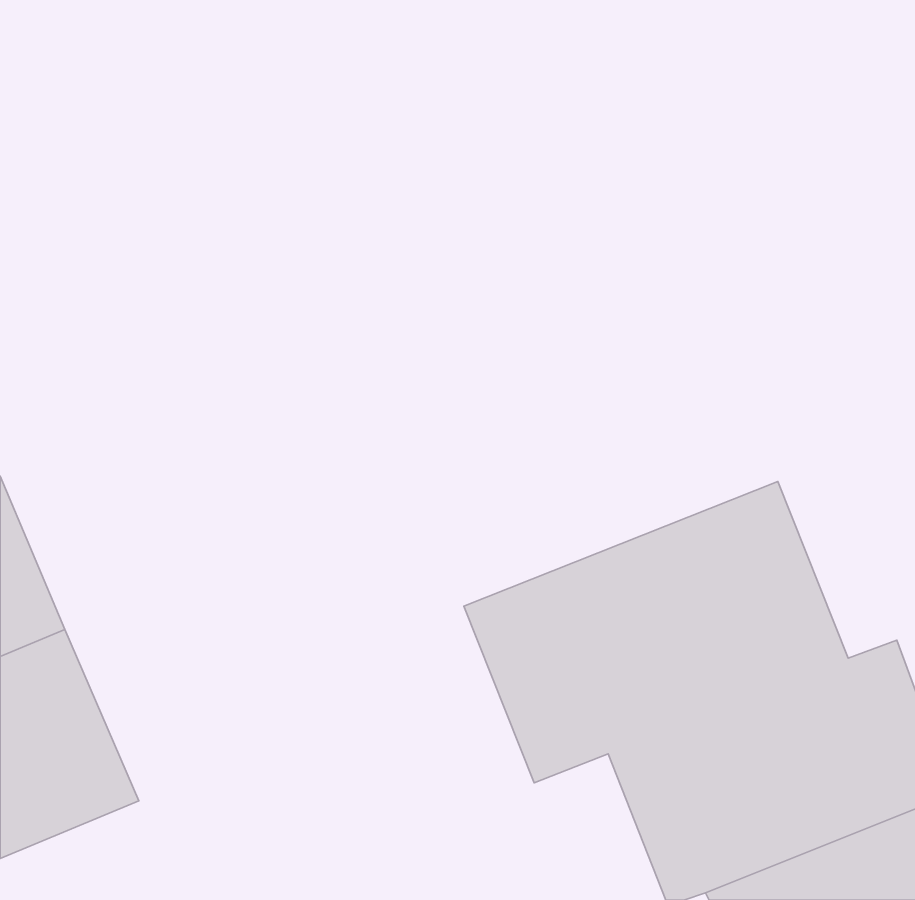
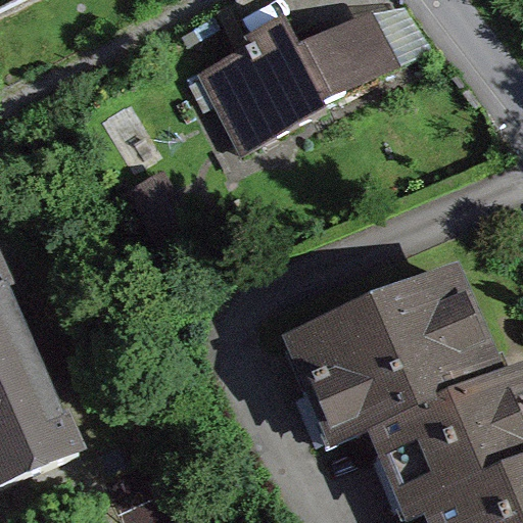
building: none -> [202,11,390,147]

